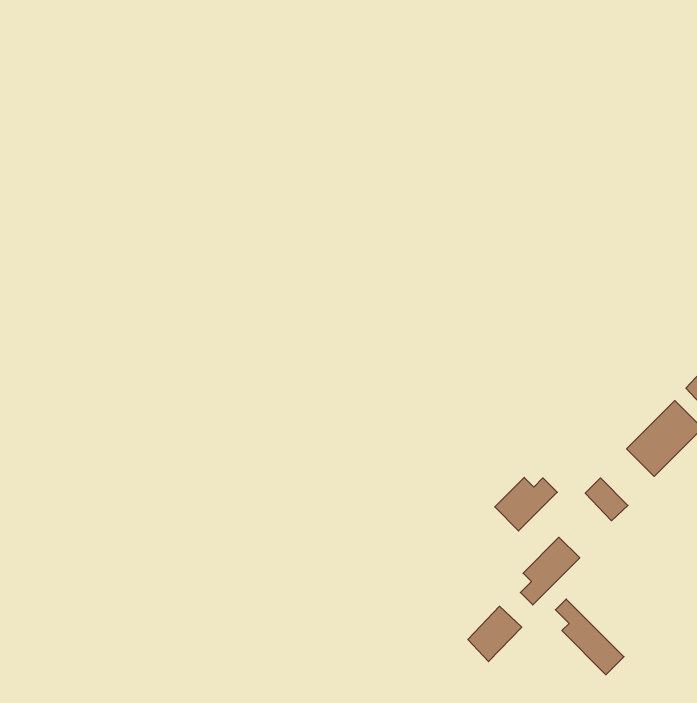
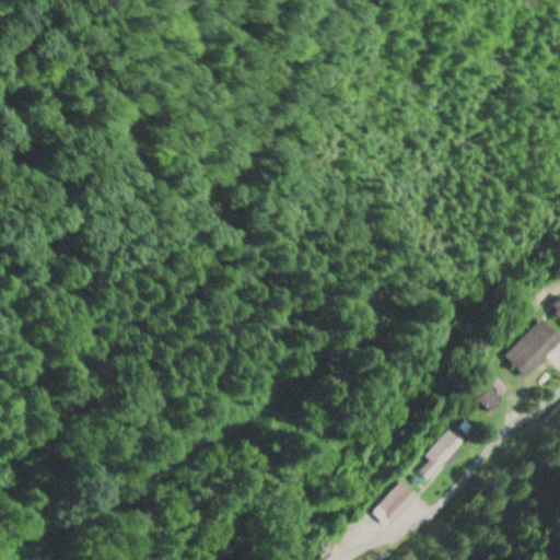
building: [495,477,557,531] -> none
building: [555,599,624,675] -> none

